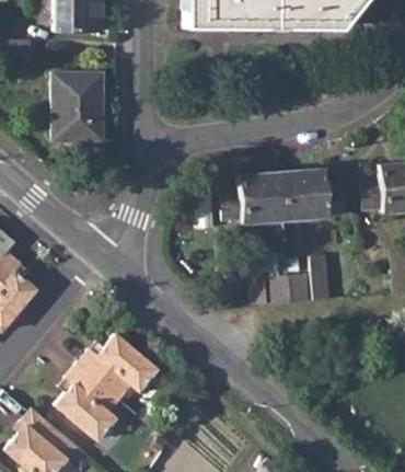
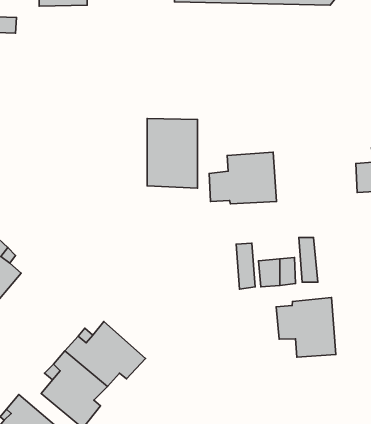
building: [53,71,102,139] -> [147,119,198,188]
building: [282,171,343,221] -> none
building: none -> [276,298,336,357]

